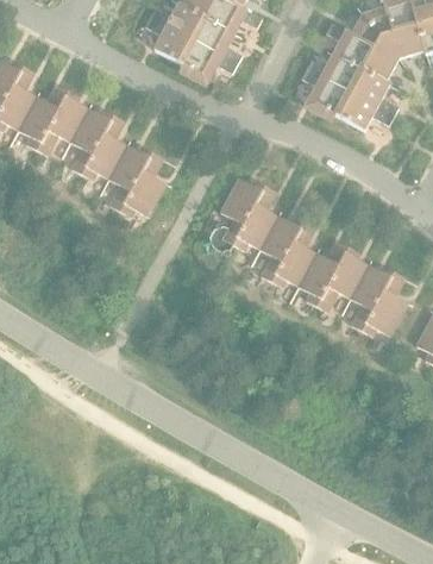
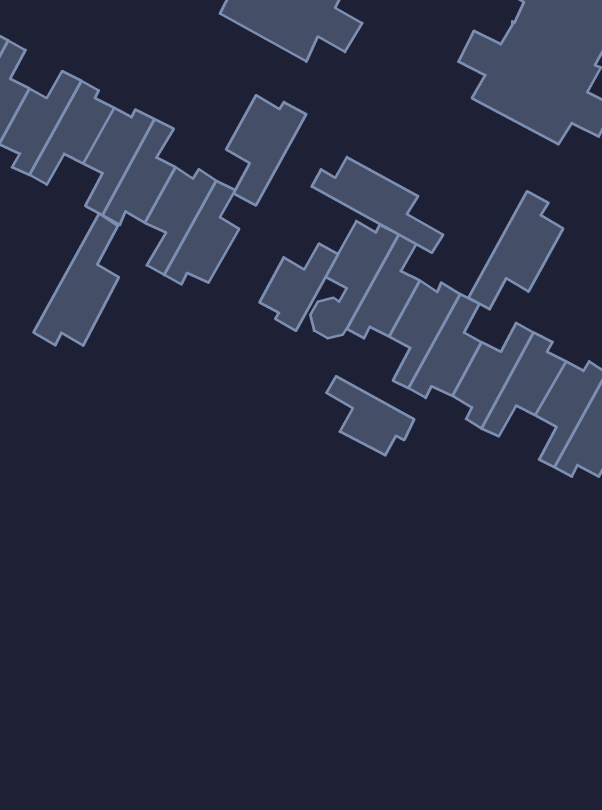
building: none -> [226,95,306,205]
building: none -> [312,157,443,253]
building: none -> [469,191,563,309]
building: none -> [34,213,119,346]
building: none -> [260,244,338,331]
building: none -> [326,376,414,455]

